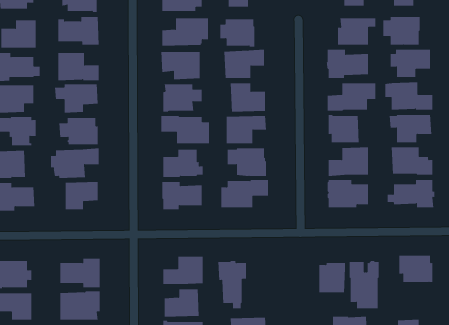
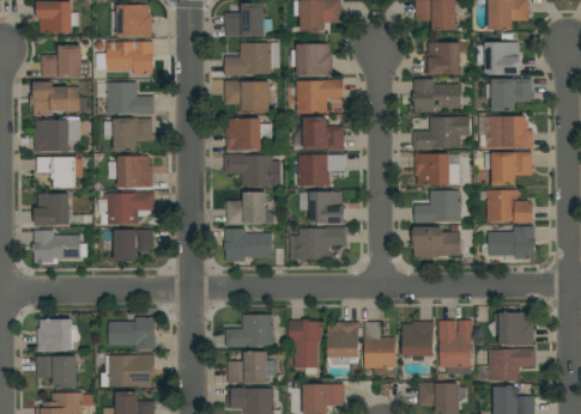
building: none -> [364,322,395,376]
building: none -> [326,323,359,366]
building: none -> [488,349,535,382]

